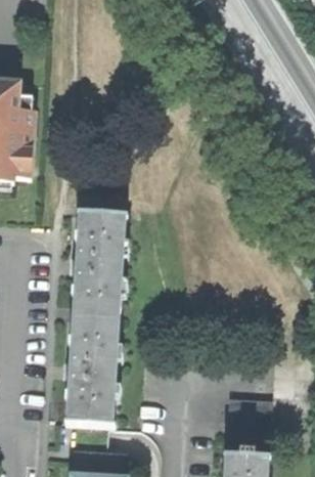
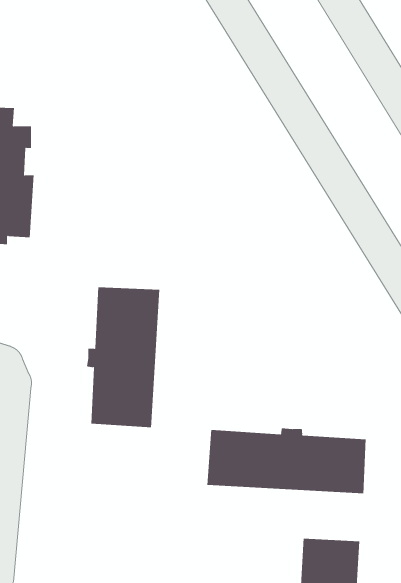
building: [64,313,119,425] -> none
building: none -> [207,427,366,494]

